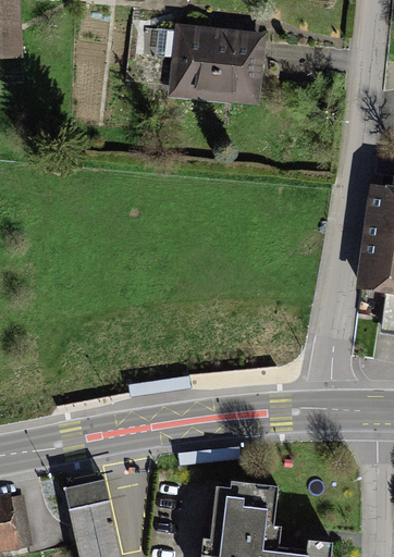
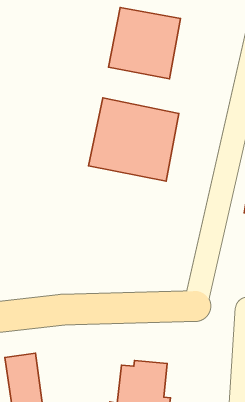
building: none -> [89,98,179,181]

